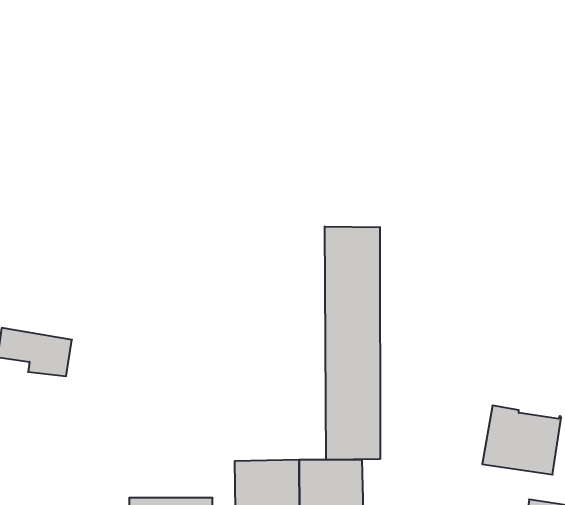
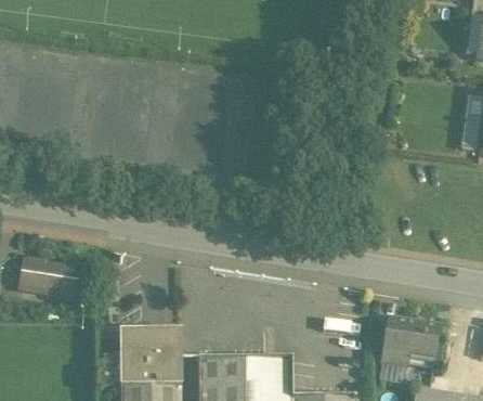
building: [325,226,380,460] -> none
building: none -> [120,329,182,385]

